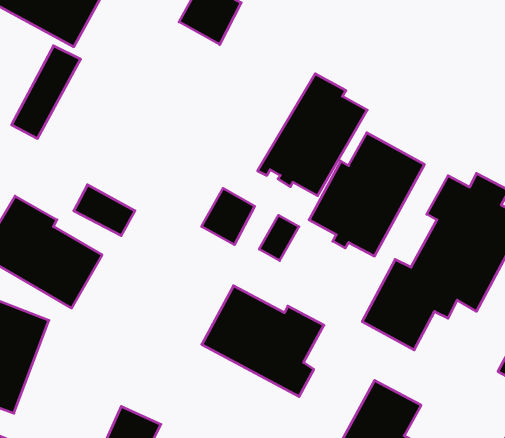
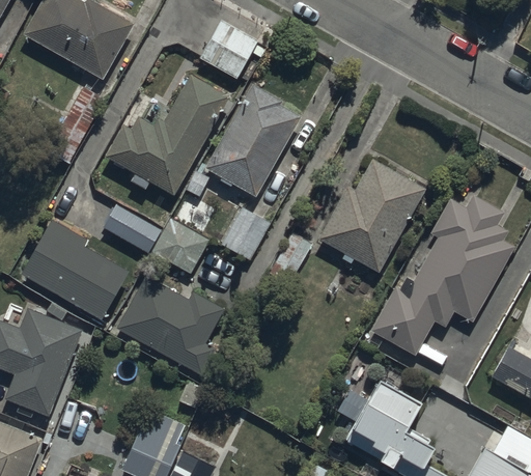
building: none -> [106,75,229,195]
building: [258,74,367,196] -> [200,83,301,195]
building: none -> [150,220,208,276]
building: [202,286,324,397] -> [112,274,224,375]

